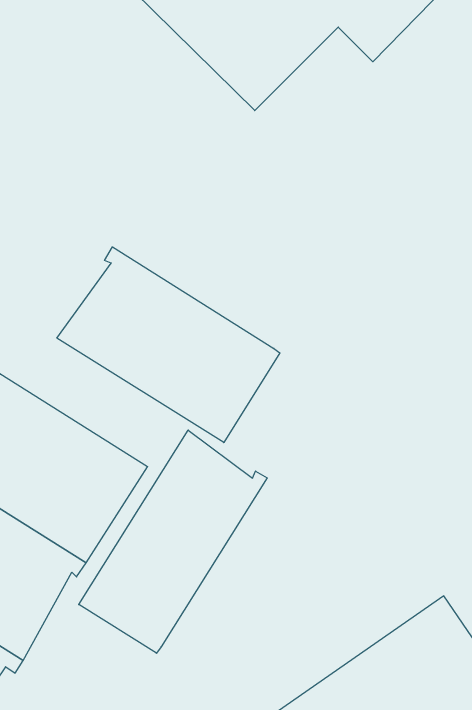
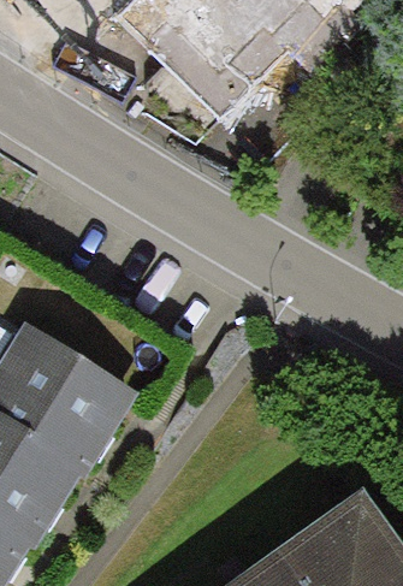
building: [57,247,280,443] -> none
building: [79,430,267,653] -> none

